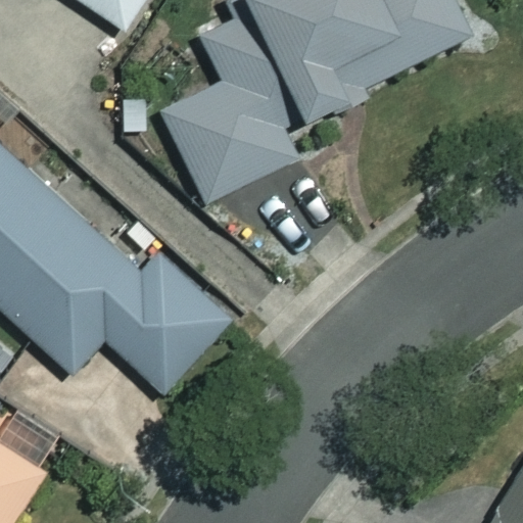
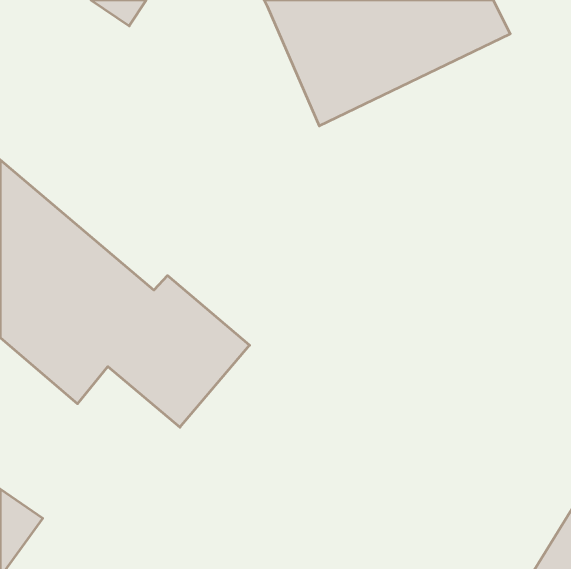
building: [161,11,308,201] -> none

